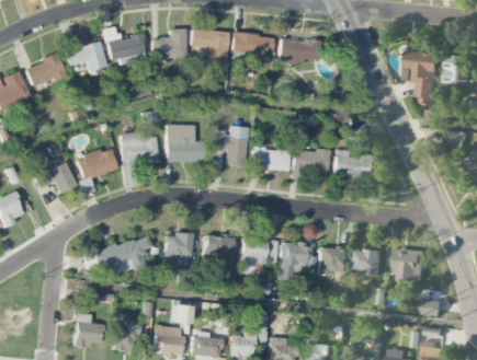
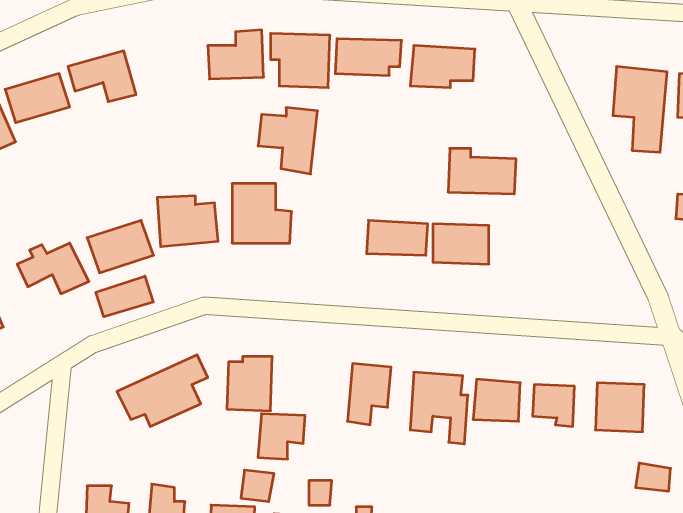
building: [104,26,148,63] -> none
building: [212,125,249,166] -> [258,108,318,174]
building: [336,149,378,177] -> [448,148,516,194]
building: none -> [96,276,153,317]
building: [204,234,234,263] -> [258,414,305,459]

